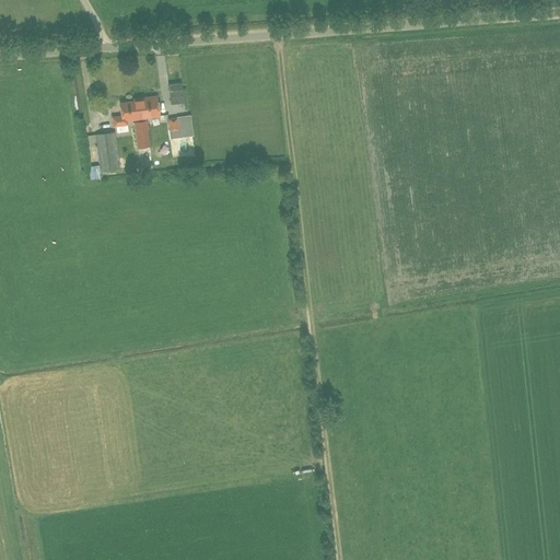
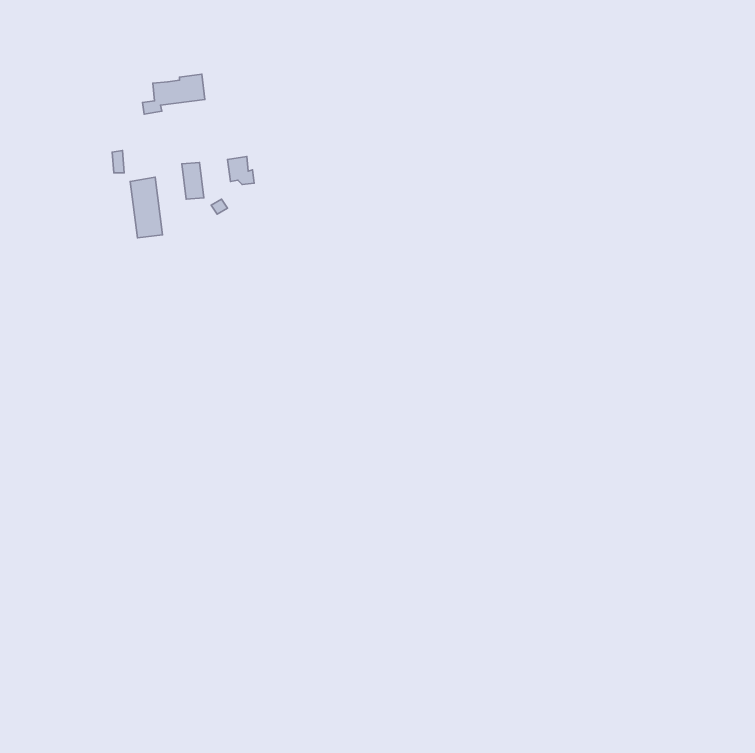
building: [113,96,159,126] -> [143,74,205,114]

